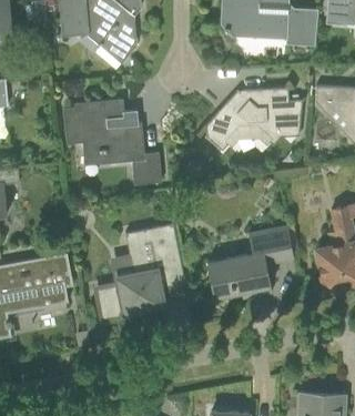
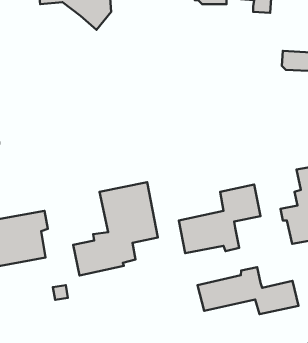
building: [205,88,302,151] -> none
building: [63,100,161,184] -> none
building: none -> [198,267,298,314]

